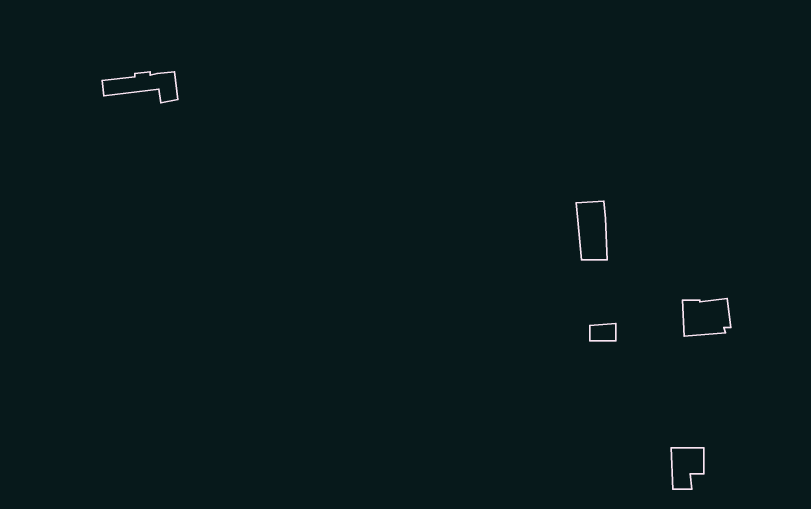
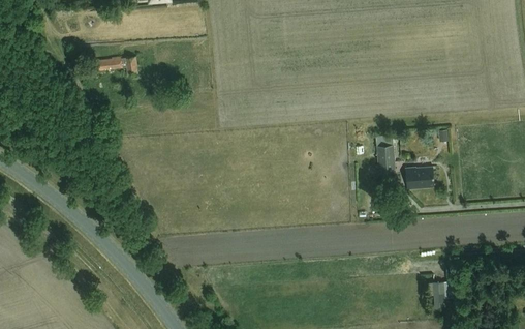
building: [682,298,731,336] -> [405,167,434,189]

